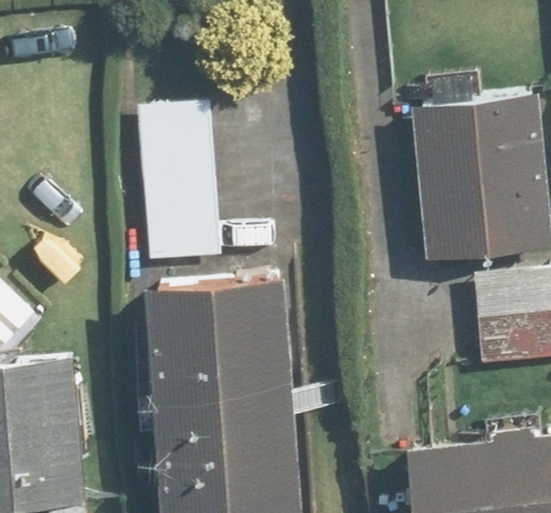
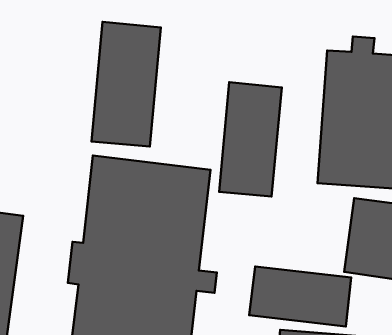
building: none -> [219,82,282,197]
building: none -> [249,266,351,327]

